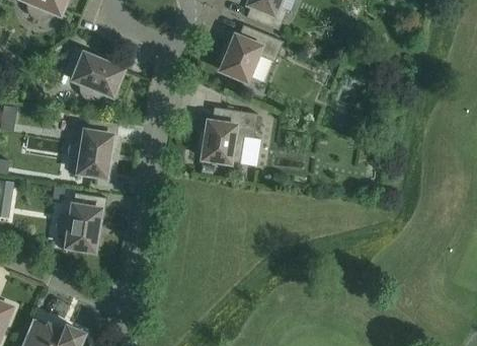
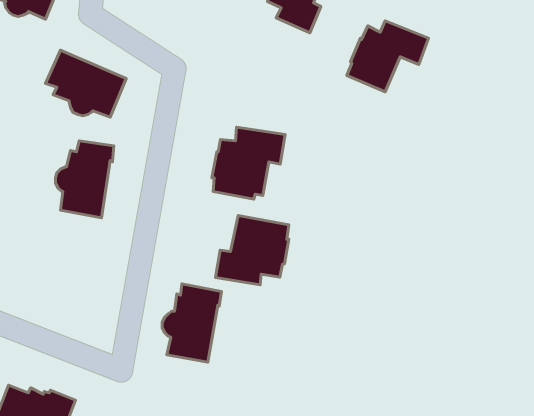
building: [216,26,283,84] -> [347,21,429,92]
building: none -> [215,216,289,285]
building: [58,192,106,256] -> [162,284,222,362]

